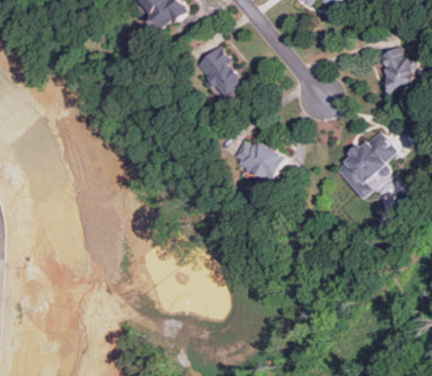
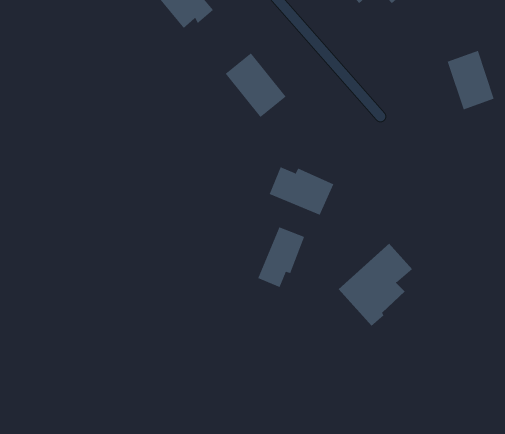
building: [335,130,396,199] -> [338,243,413,327]
building: none -> [258,227,305,288]

